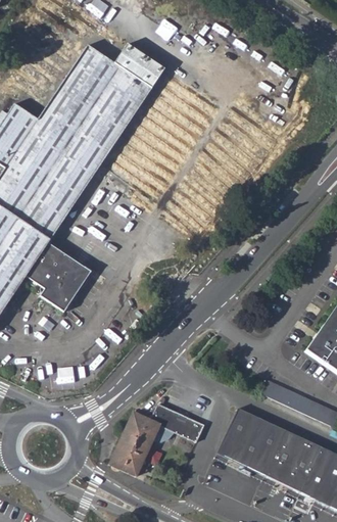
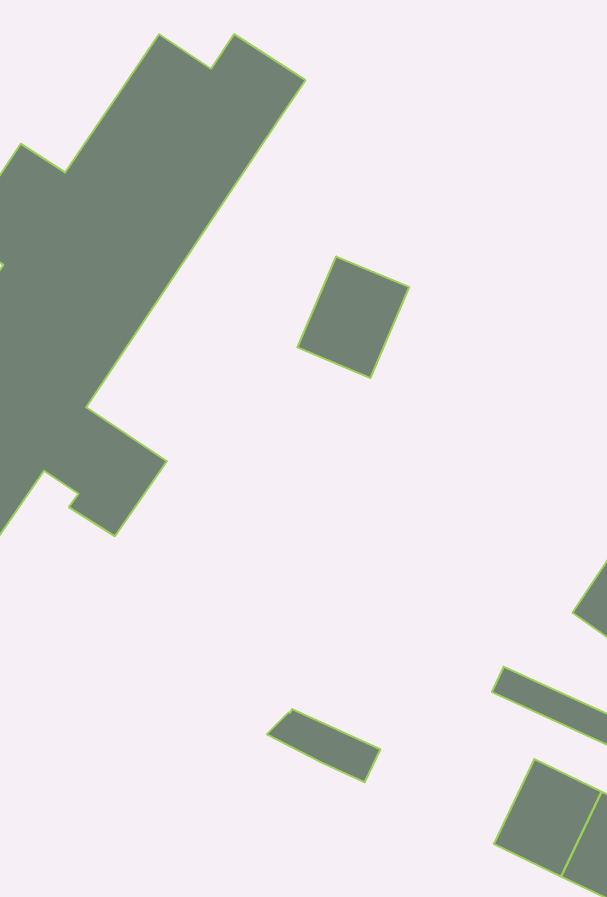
building: none -> [297,256,409,378]
building: [216,408,286,475] -> none
building: [109,412,174,477] -> none

